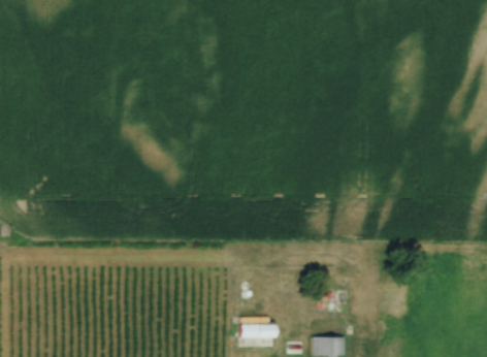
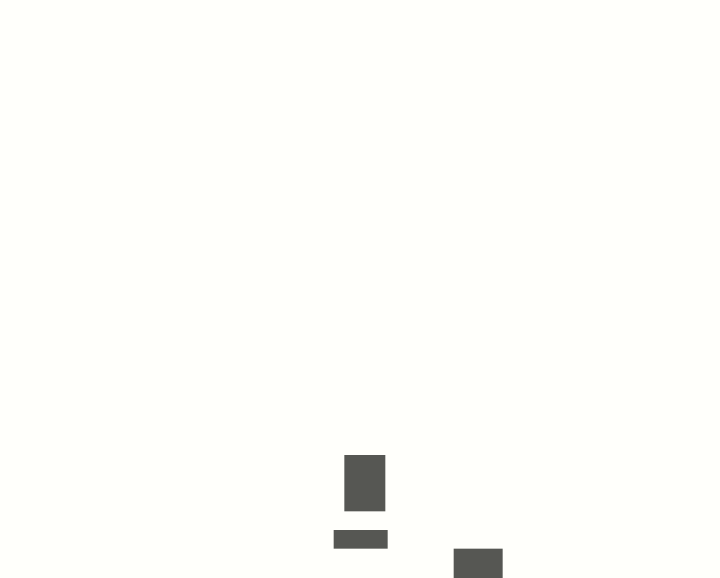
building: none -> [344,454,386,512]

